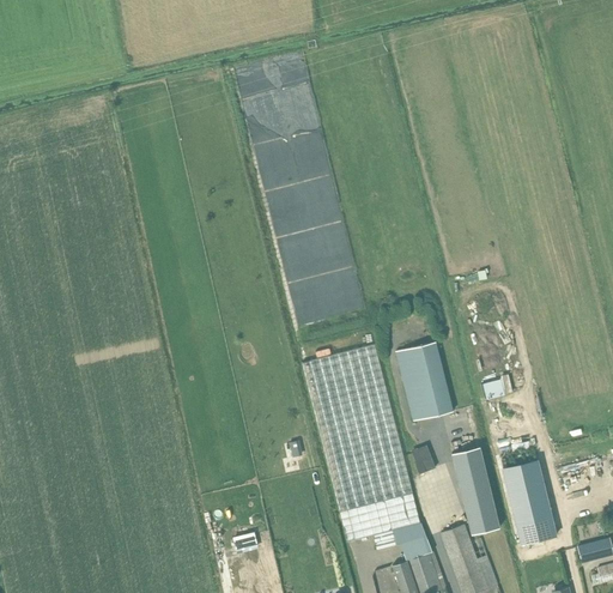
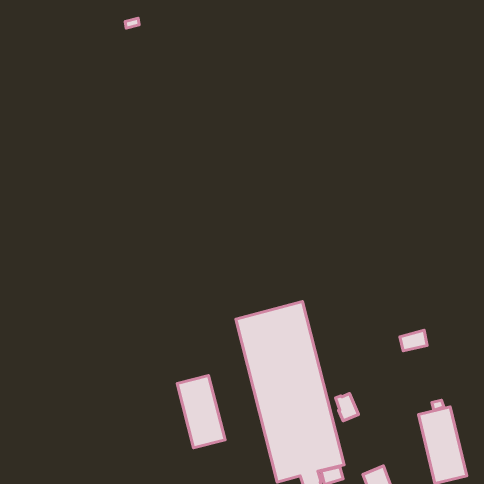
building: [395,343,453,422] -> none
building: none -> [177,376,225,448]
building: [450,447,499,535] -> none

